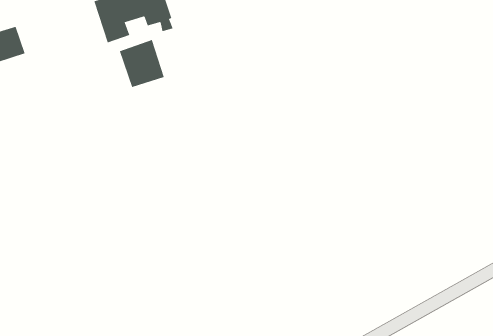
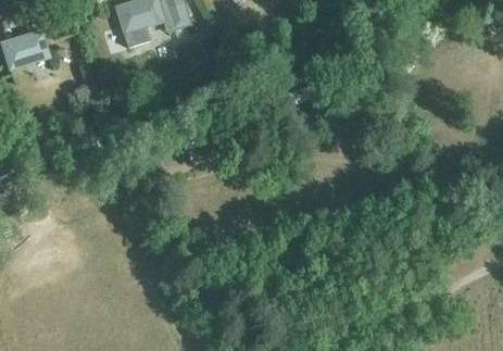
building: [119,39,164,88] -> none

